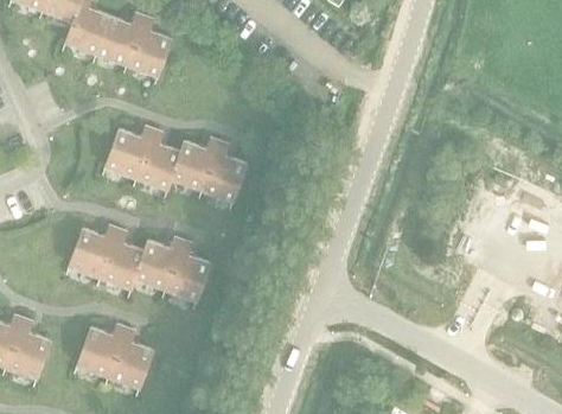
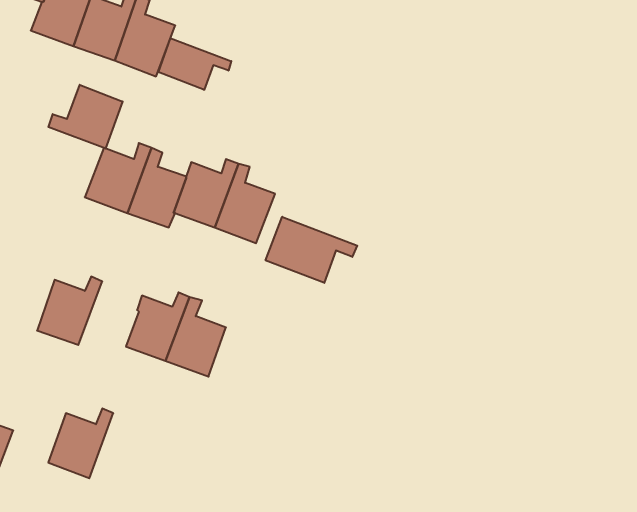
building: none -> [158,38,231,90]
building: none -> [48,85,123,149]
building: none -> [266,217,357,283]
building: [98,230,143,289] -> none
building: [107,329,152,388] -> none

